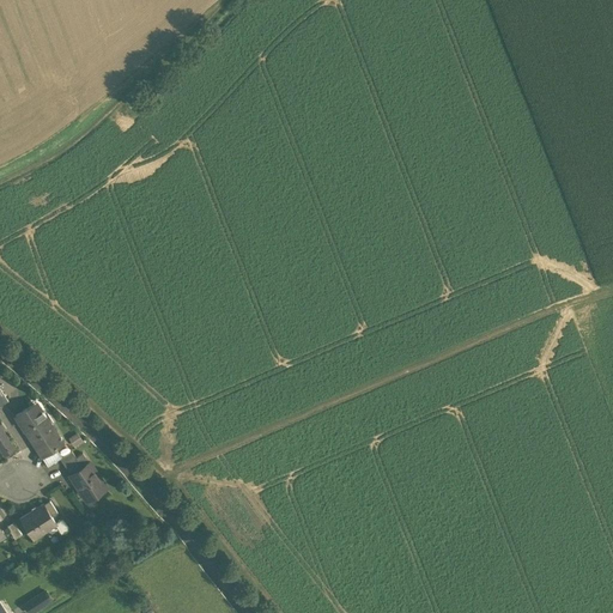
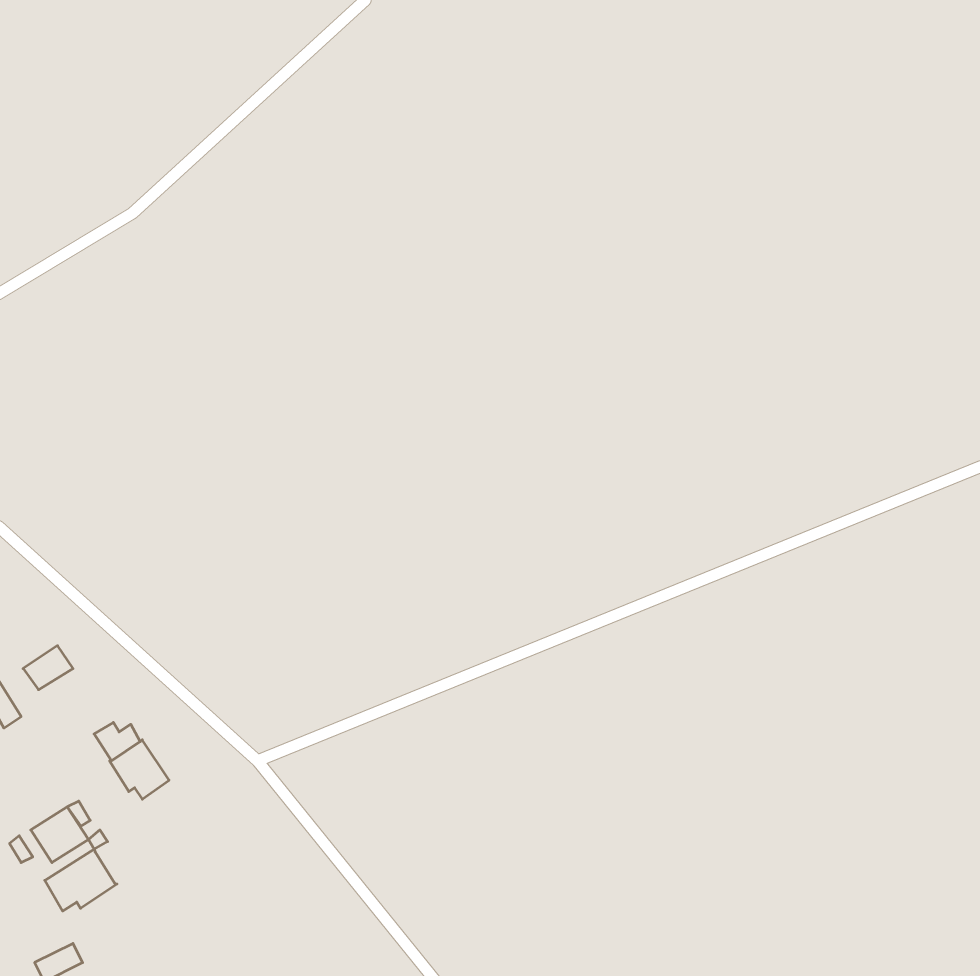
building: [24,420,62,460] -> none
building: none -> [45,849,117,911]

